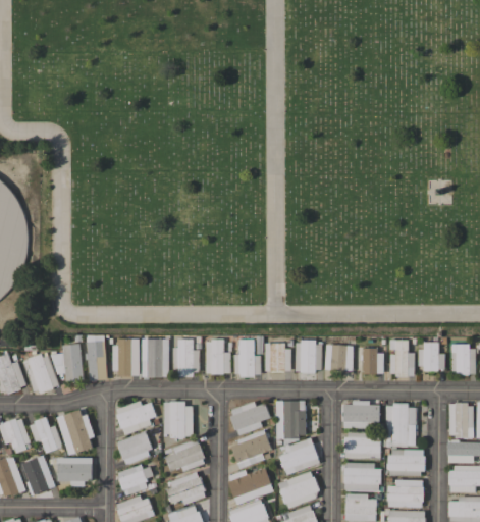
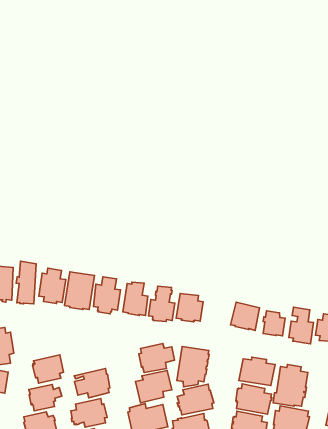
building: [295,340,321,372] -> none
building: [115,400,156,434] -> none
building: [162,401,193,438] -> none

